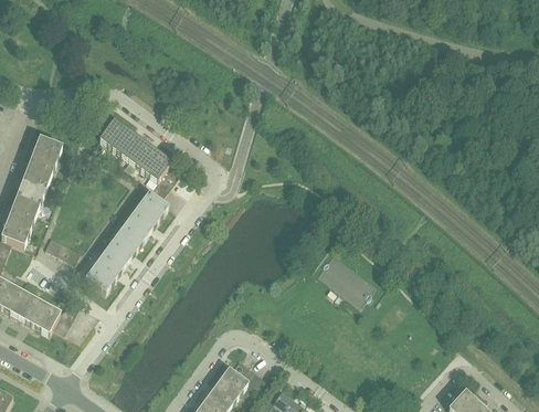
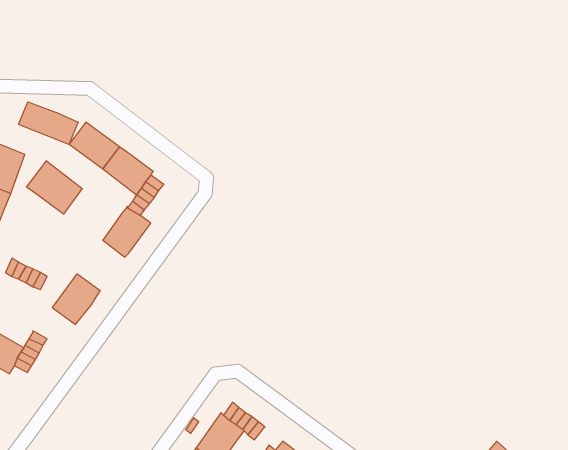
building: none -> [19,102,78,144]
building: none -> [27,161,82,214]
building: [106,219,147,262] -> none

